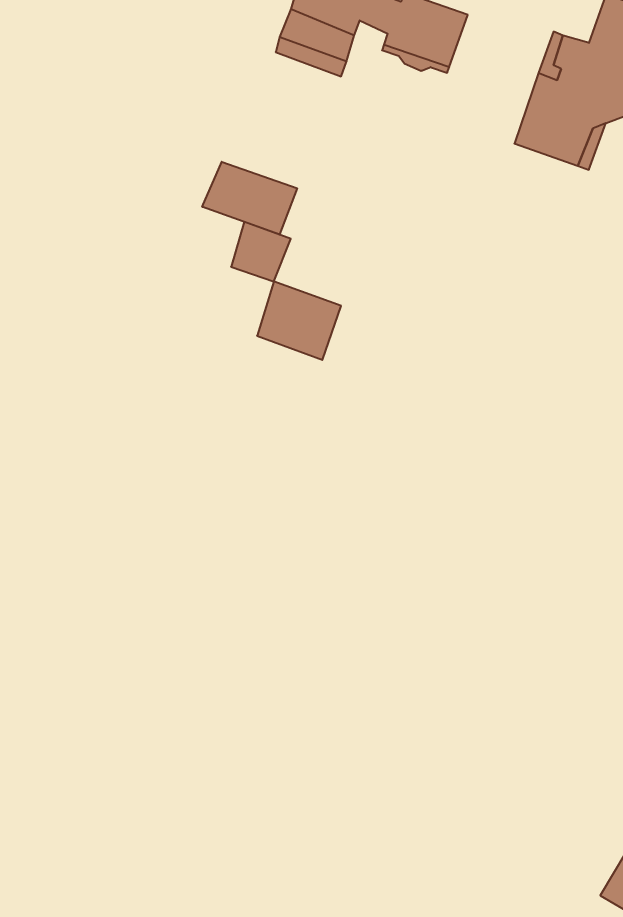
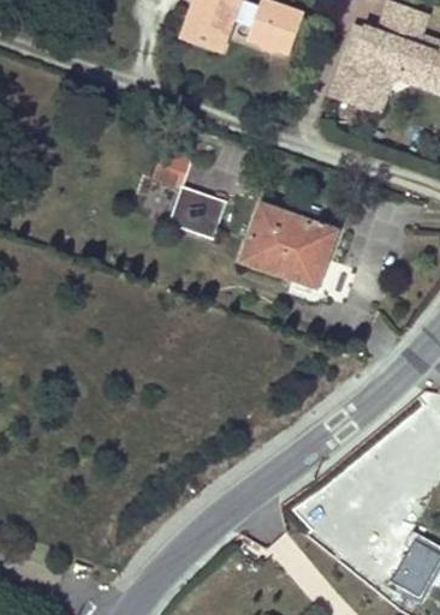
building: [202,162,297,235] -> none
building: none -> [240,203,335,285]

